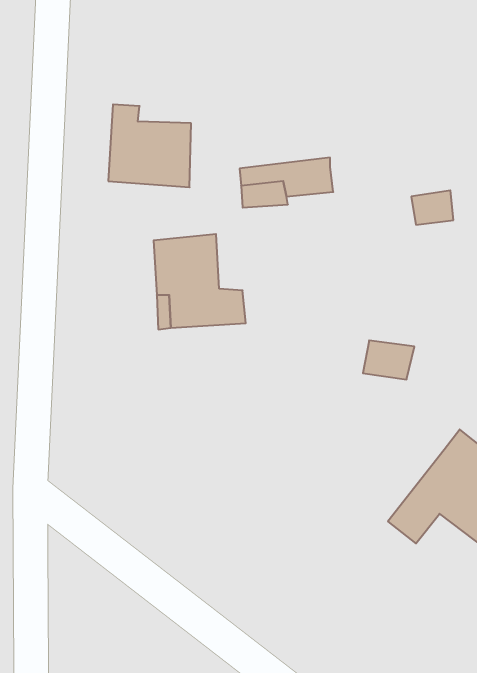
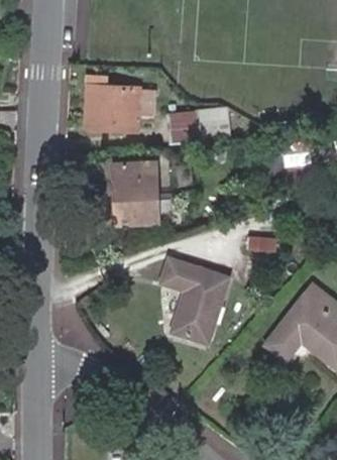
building: none -> [162,256,229,341]

